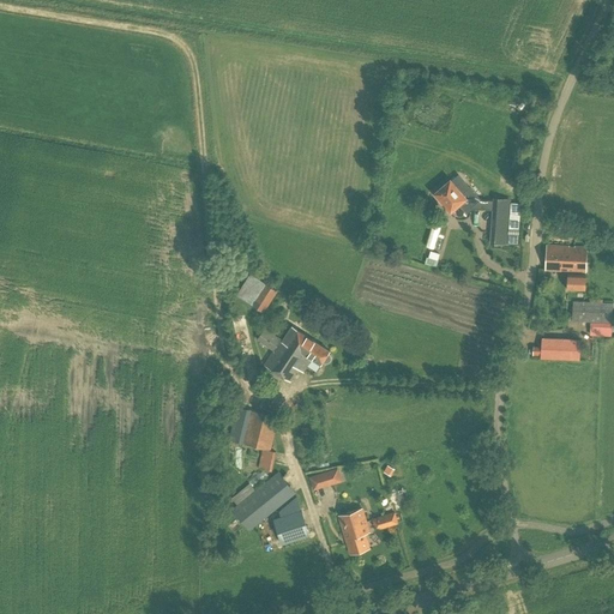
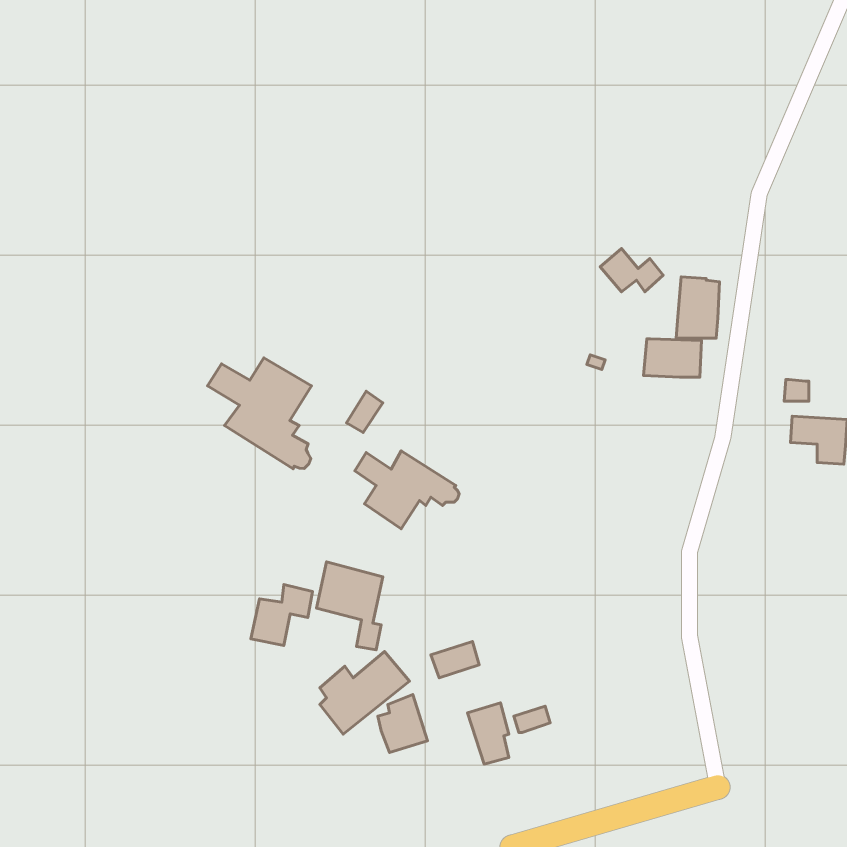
building: [544,245,586,272] -> [643,339,701,377]
building: none -> [208,358,311,469]
building: [541,337,571,360] -> none
building: none -> [251,585,312,645]

